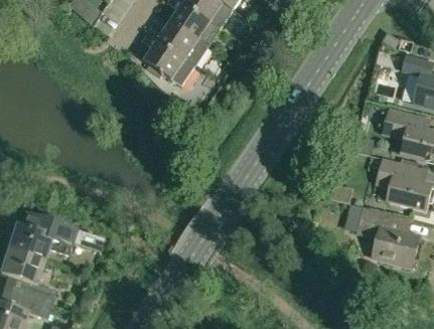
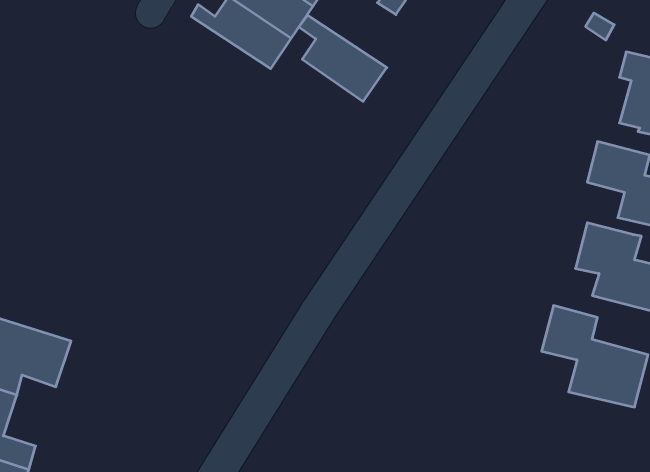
building: [143,34,195,86] -> [299,15,387,101]

